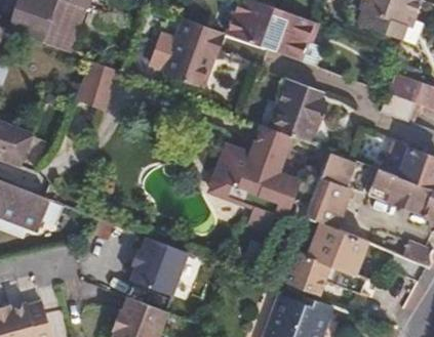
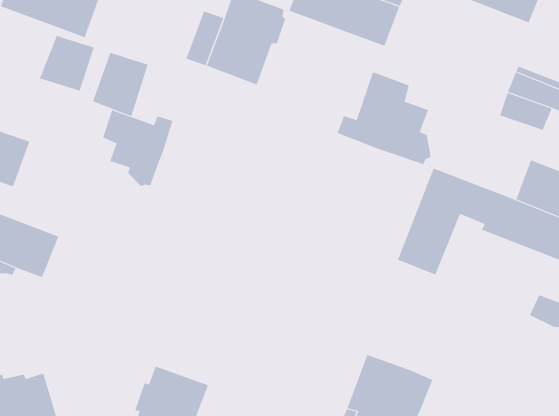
building: none -> [39,35,94,92]
building: none -> [102,110,173,187]
building: [211,124,301,227] -> none
building: [283,223,387,299] -> none
building: [120,235,184,293] -> none

